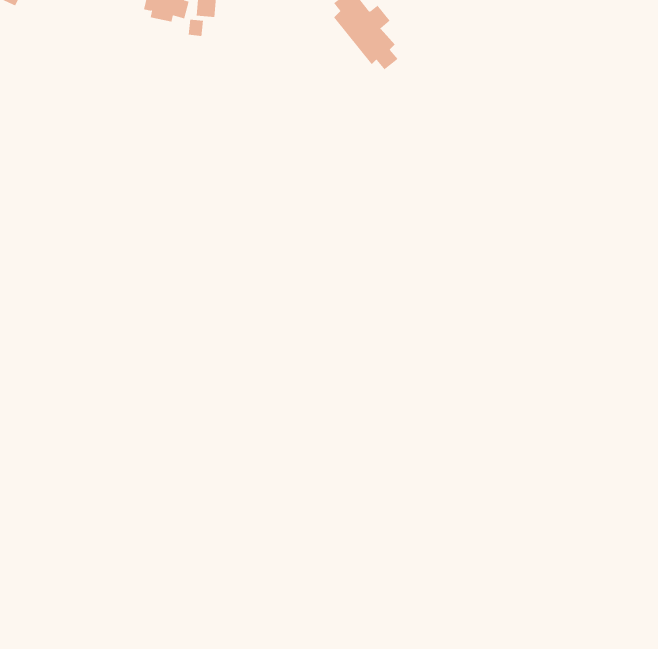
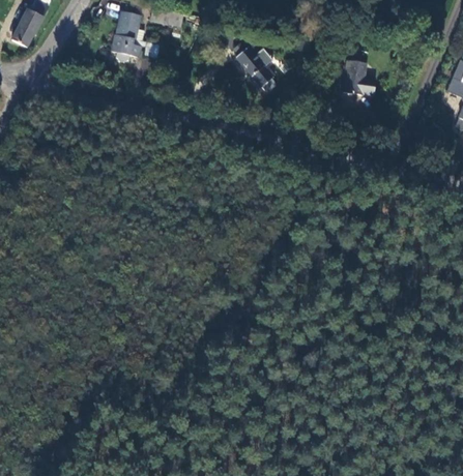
building: none -> [343,62,376,97]

